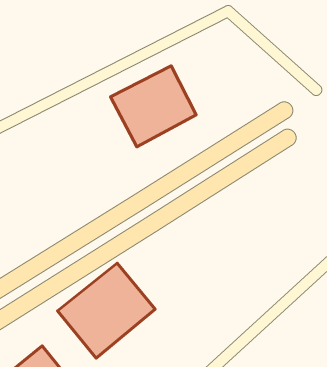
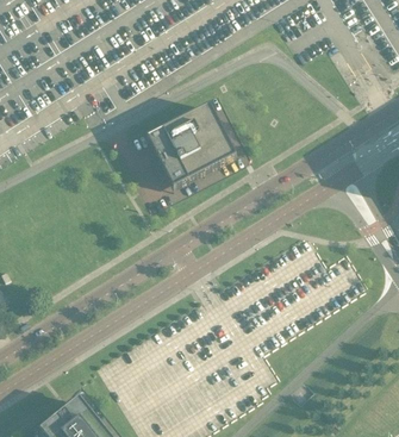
building: [58,263,155,358] -> none

